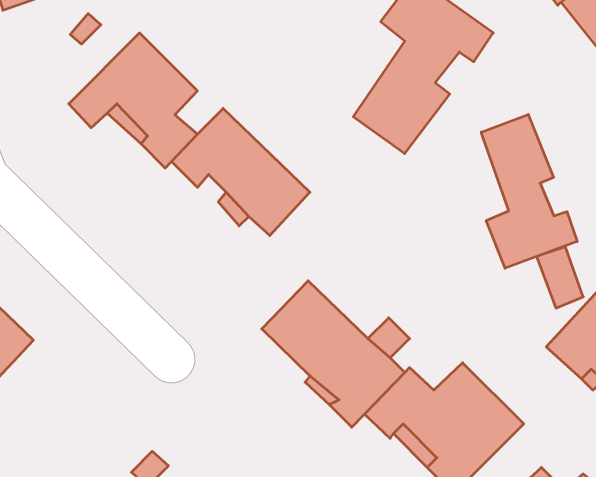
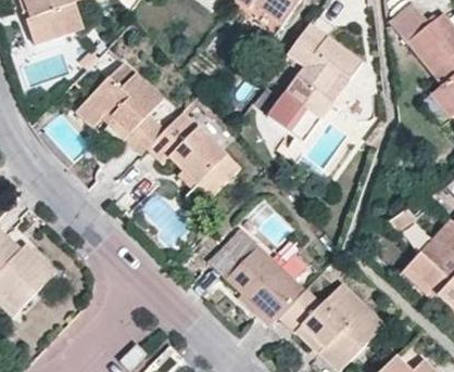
building: [481,114,577,268] -> none

